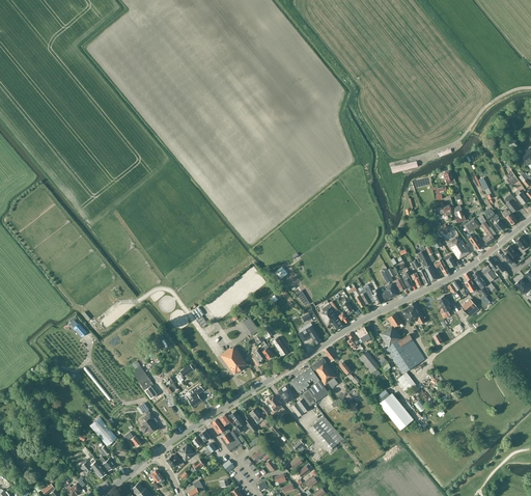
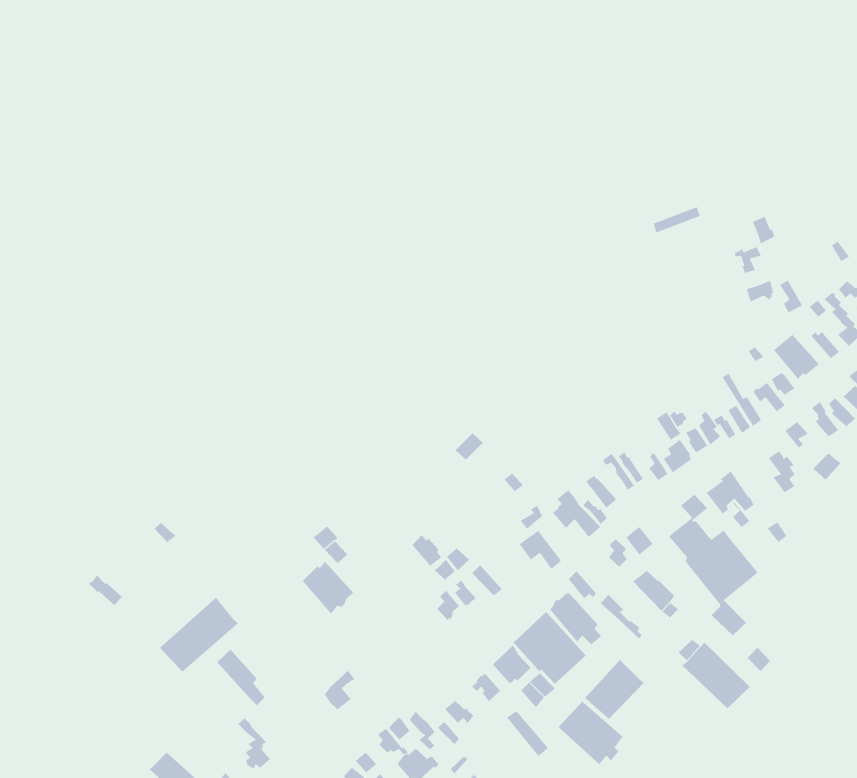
building: none -> [159,597,239,672]
building: [221,346,248,375] -> [302,561,354,615]
building: none -> [584,659,645,720]

